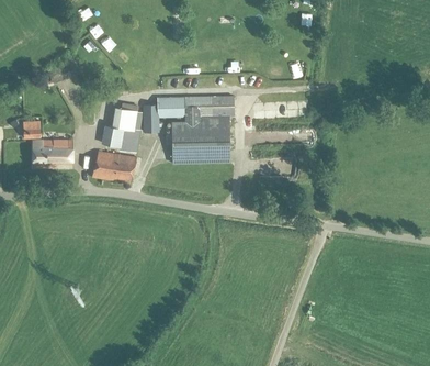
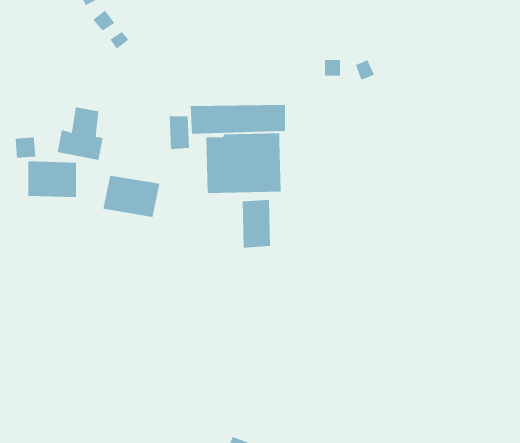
building: [102,110,138,152] -> [57,107,104,160]
building: none -> [242,199,271,248]

